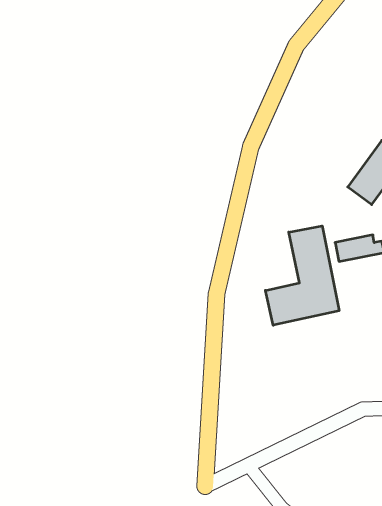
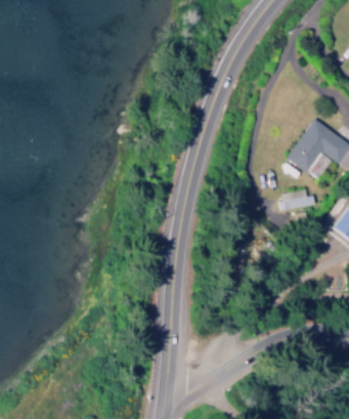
building: [265,226,339,325] -> none

